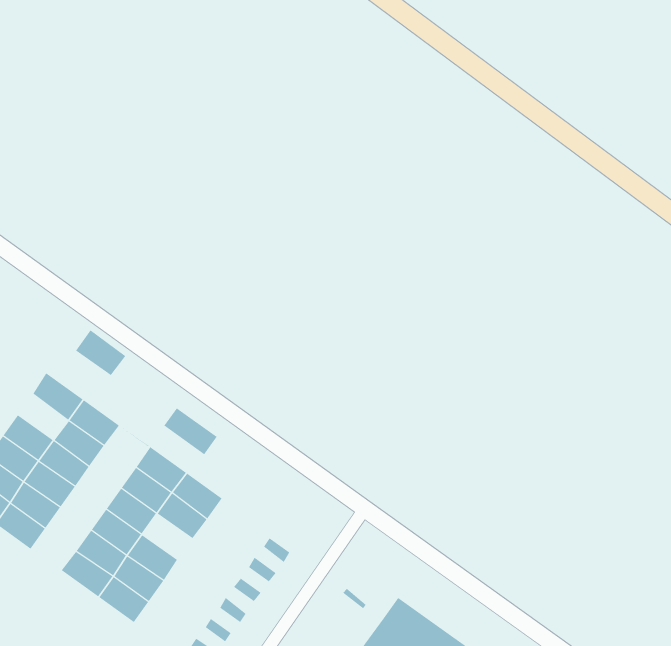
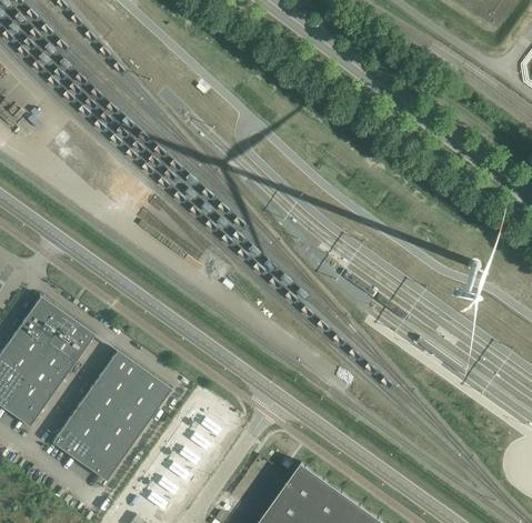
building: [75,329,126,376] -> [19,311,57,345]
building: [164,407,217,455] -> none
building: none -> [111,400,149,434]

